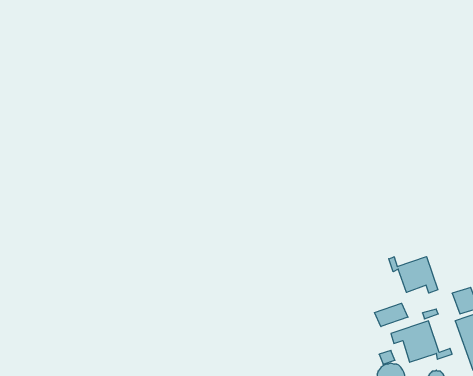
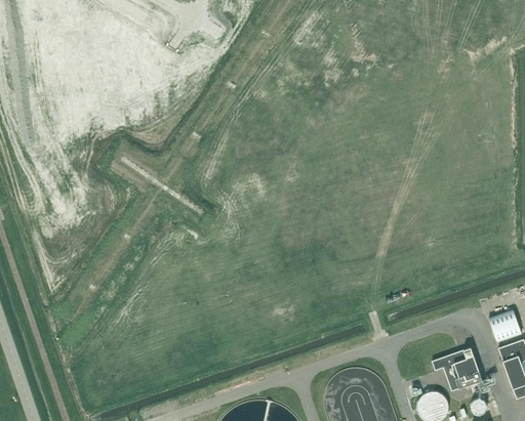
building: [389,257,438,293] -> none
building: [375,303,408,327] -> none

